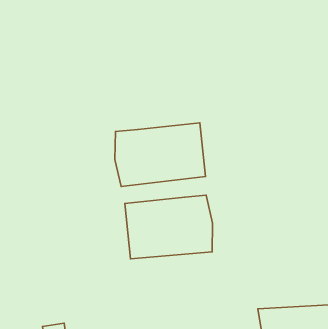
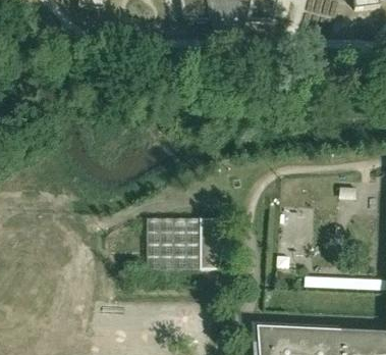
building: [115,123,205,186] -> none

